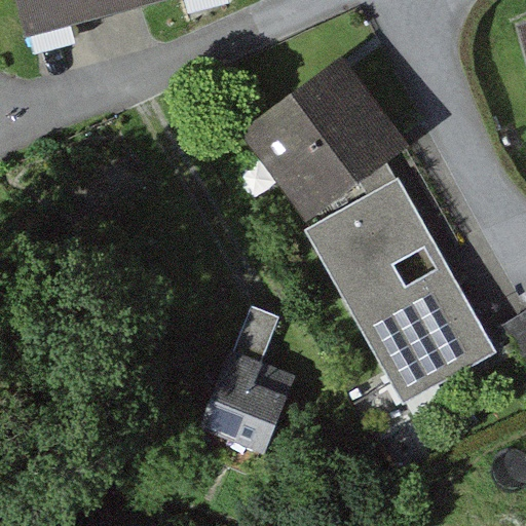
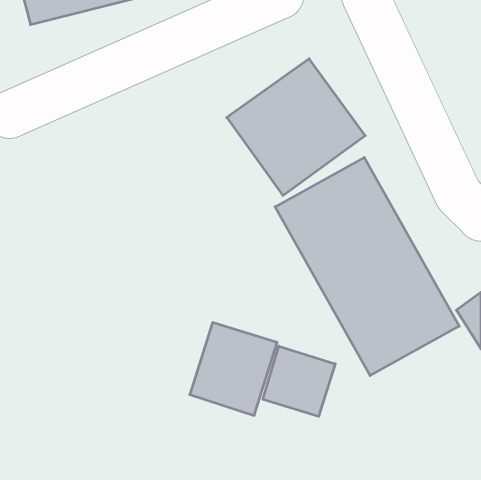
building: none -> [263,346,335,416]

